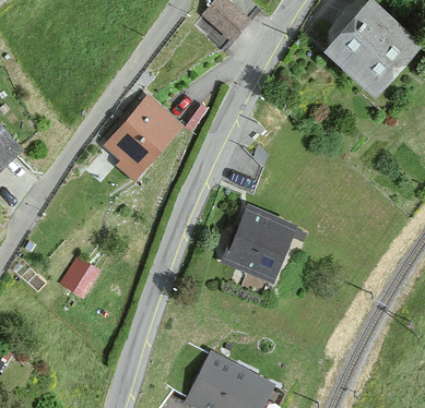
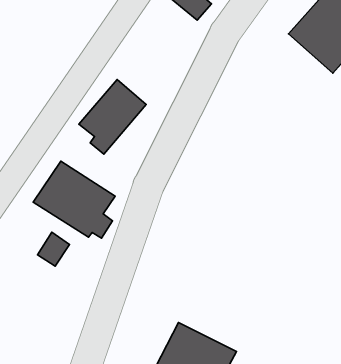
building: none -> [33,161,115,238]
building: [223,207,293,279] -> none

